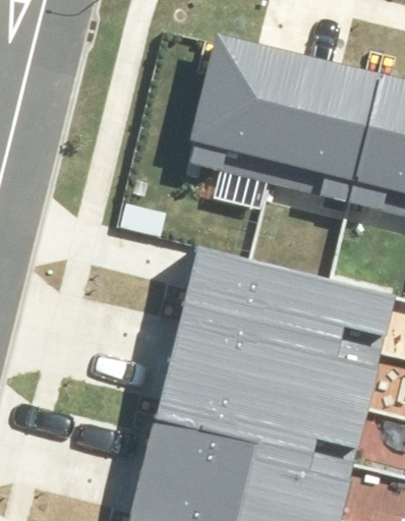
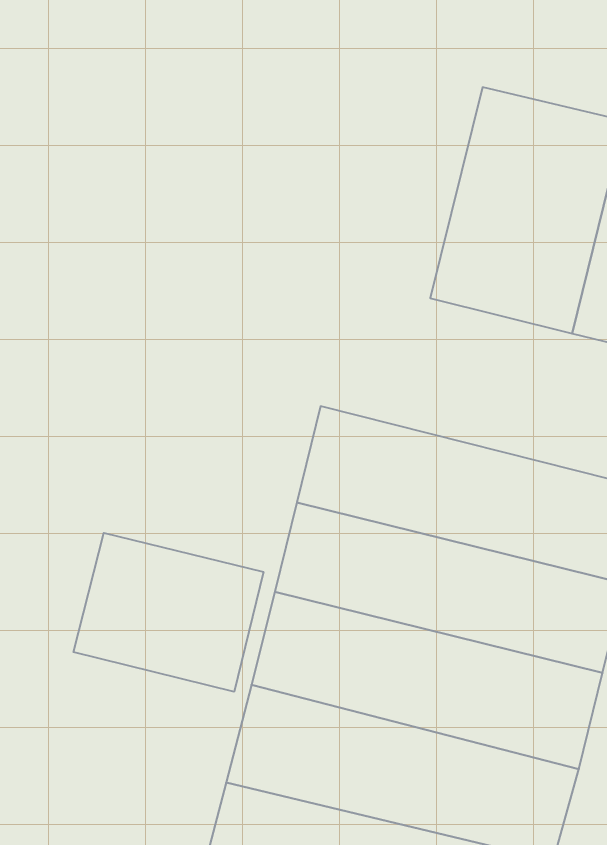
building: [189,35,297,182] -> none
building: none -> [73,533,263,692]

